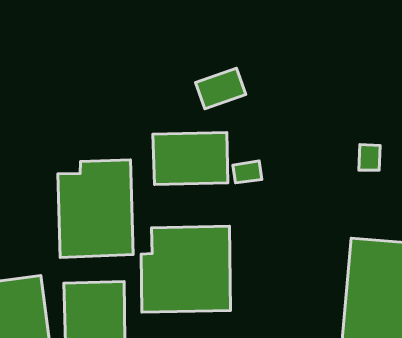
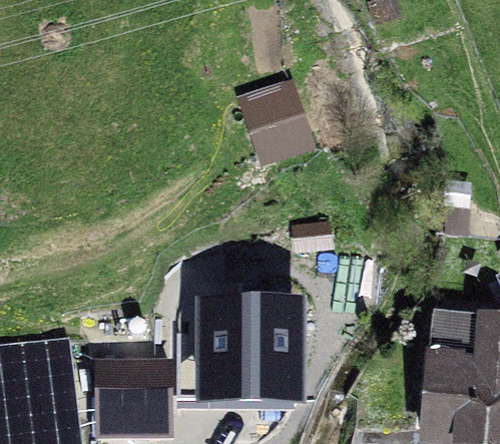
building: [153,133,228,184] -> none
building: [58,160,133,258] -> none

